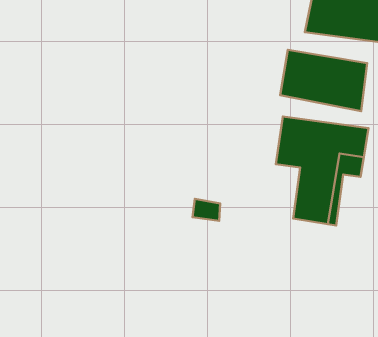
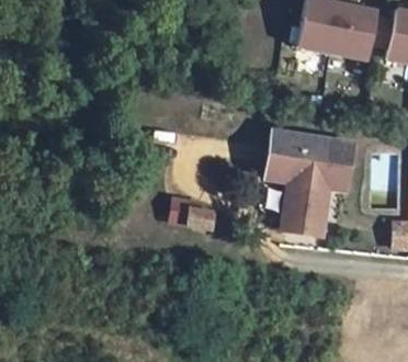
building: [280,50,367,111] -> none

